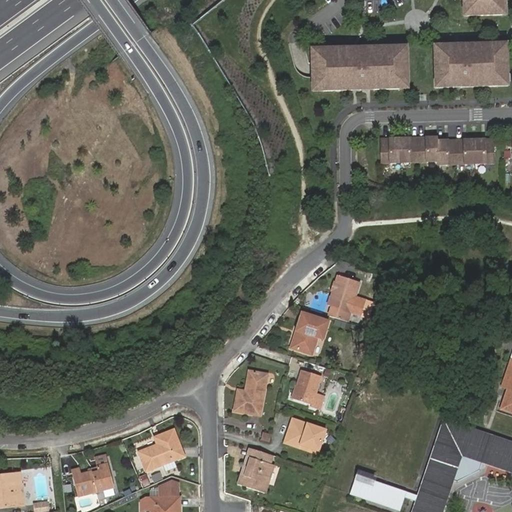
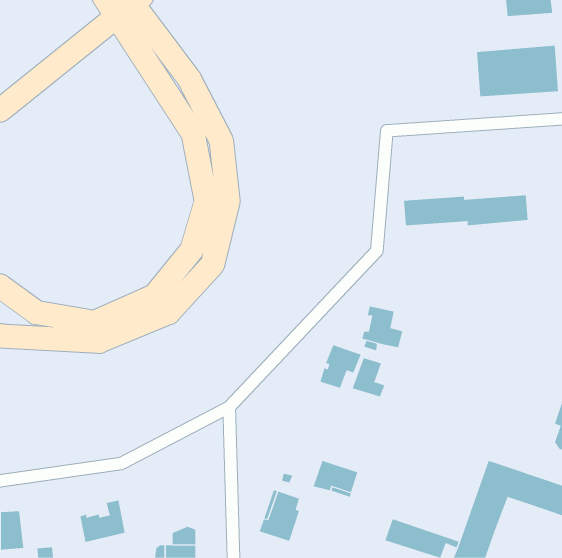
building: [311,49,409,98] -> none
building: [383,138,497,166] -> [403,195,529,226]
building: [234,369,268,412] -> none
building: [292,369,322,405] -> [352,358,385,397]
building: [139,426,184,467] -> none
building: [452,452,483,480] -> none

